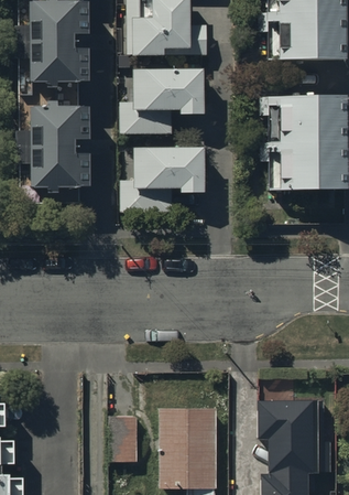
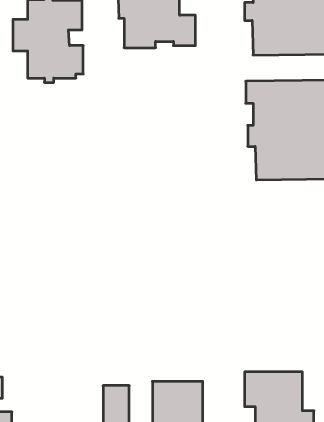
building: [119,69,204,132] -> none
building: [17,103,90,197] -> none
building: [120,149,204,211] -> none

